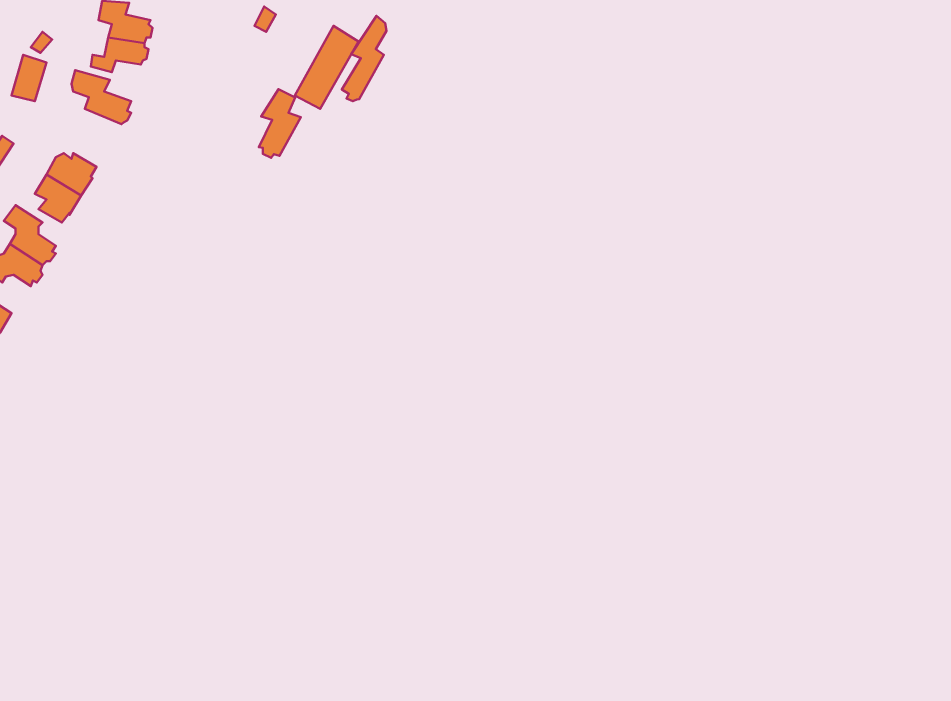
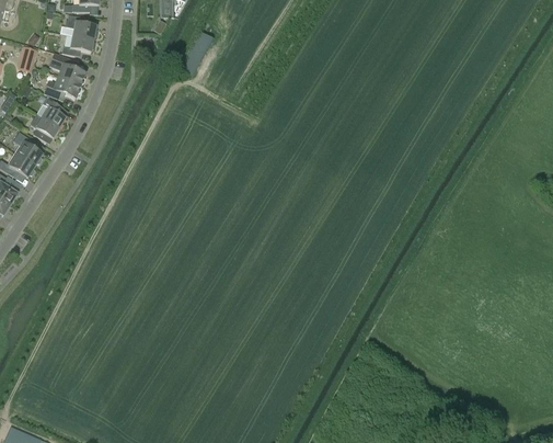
building: [342,16,387,101] -> none
building: [259,89,301,158] -> none
building: none -> [44,78,80,101]

